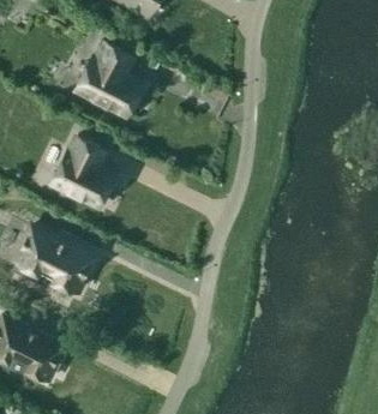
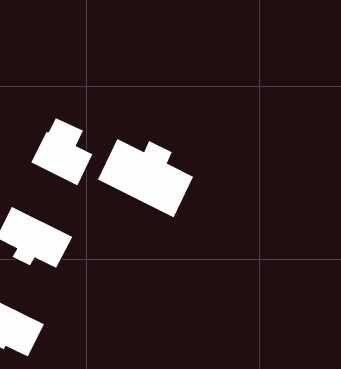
building: [76,43,143,116] -> none
building: none -> [97,138,194,218]

